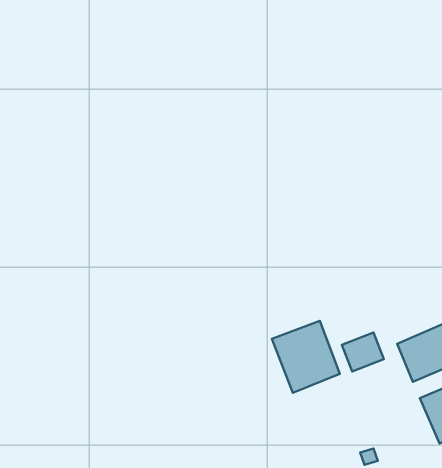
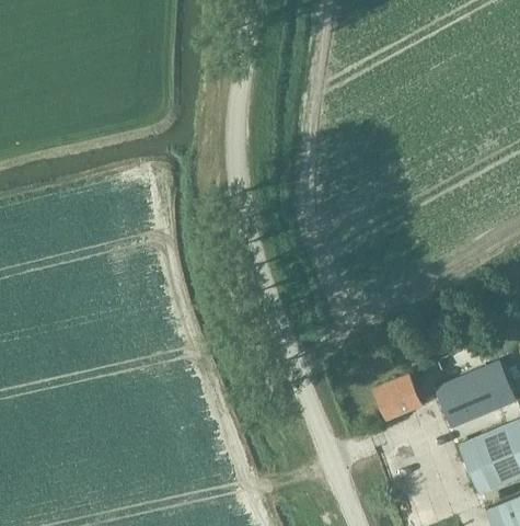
building: [272,321,340,393] -> none

